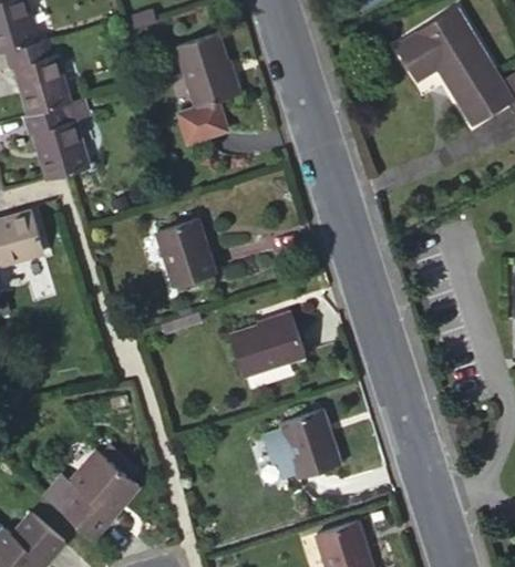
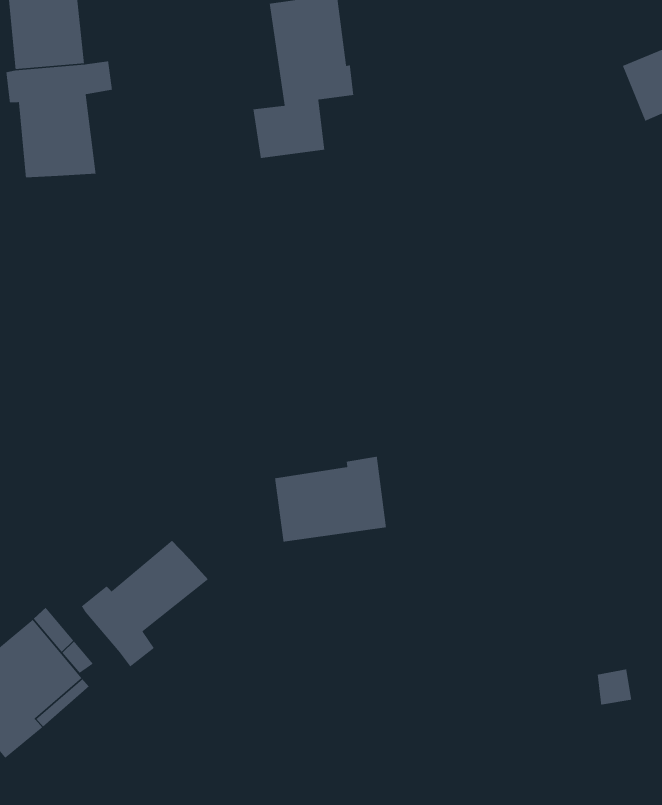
building: [157,219,215,288] -> none
building: none -> [81,540,209,667]
building: [261,410,340,480] -> none

